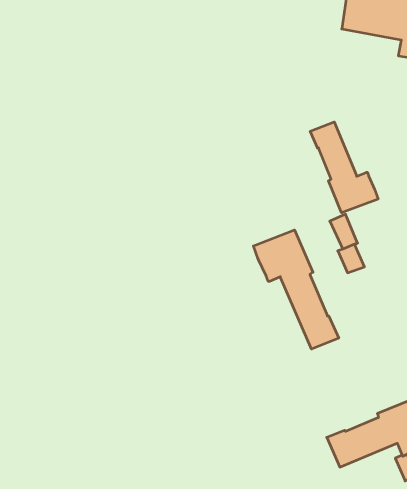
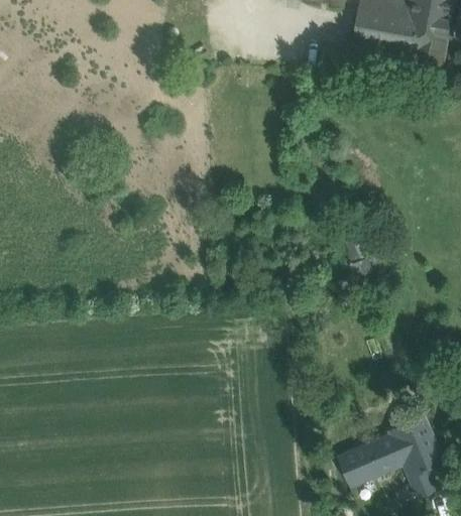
building: [310,122,378,213] -> none
building: [253,230,339,349] -> none

